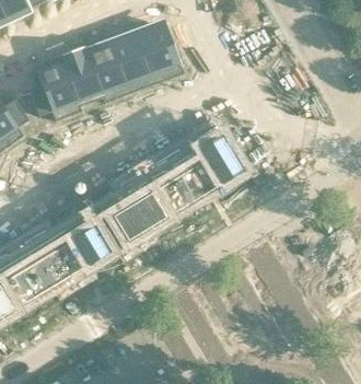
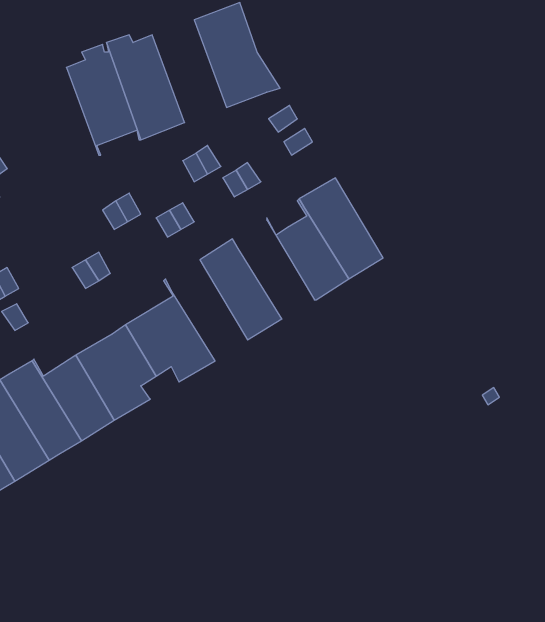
building: [110,35,153,94] -> none
building: [28,62,80,123] -> none
building: [156,150,203,207] -> none
building: [118,173,165,231] -> none

